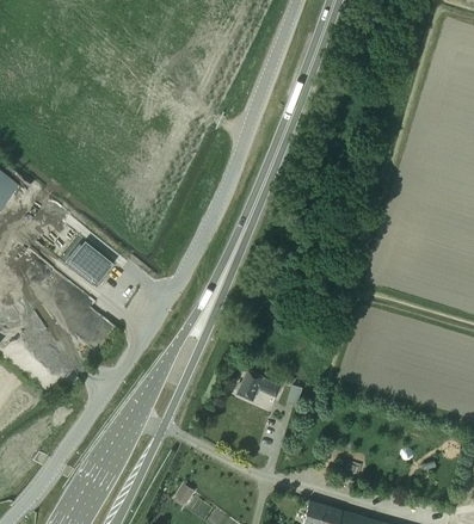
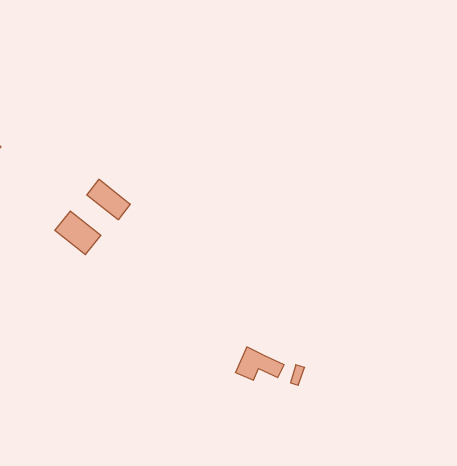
building: none -> [87,179,130,220]

